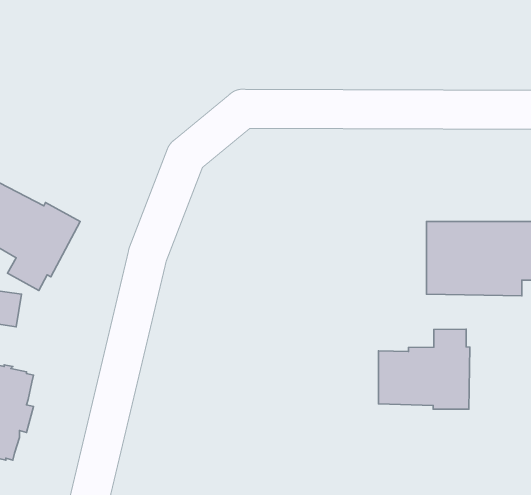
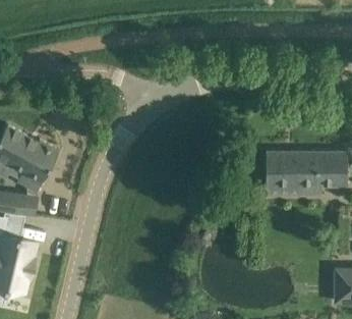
building: [378,329,470,409] -> none

